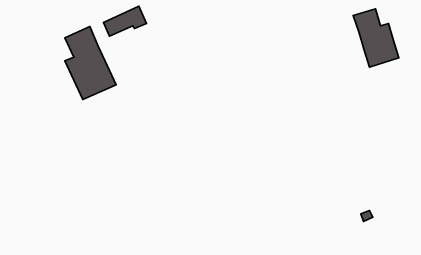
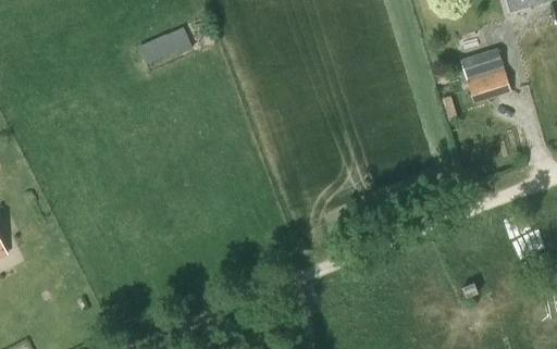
building: [65,26,116,99] -> none

